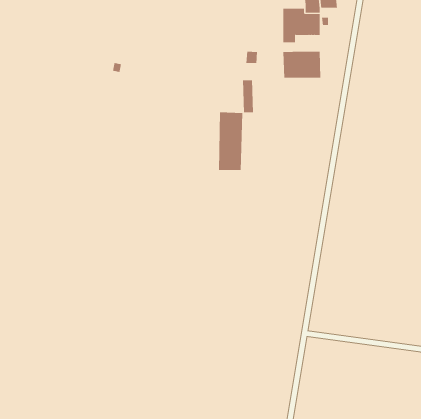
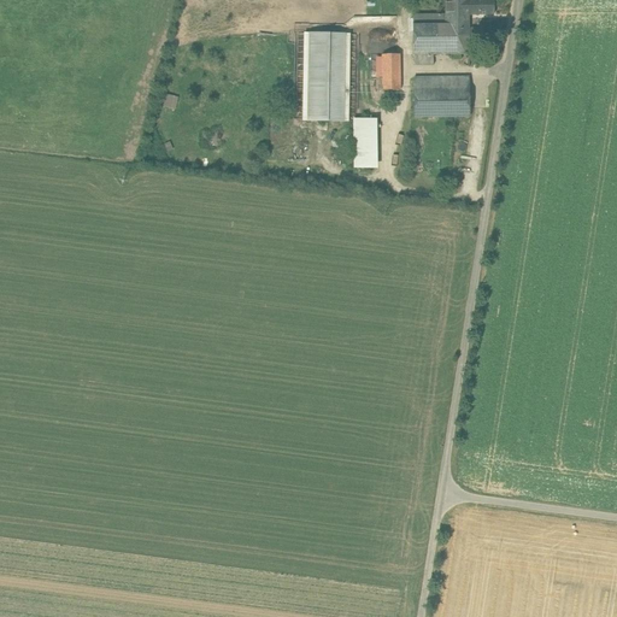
building: none -> [382,52,399,88]
building: [218,112,243,170] -> [308,31,345,117]

